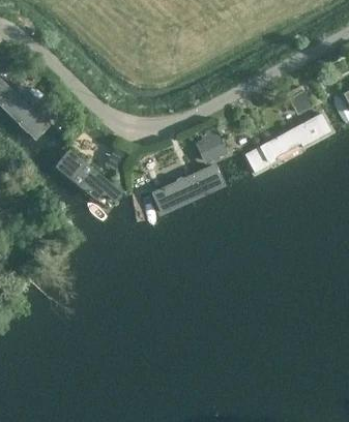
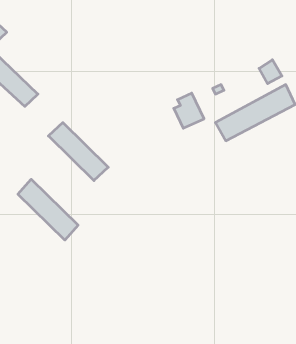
building: [150,164,231,216] -> none
building: none -> [18,179,78,240]

